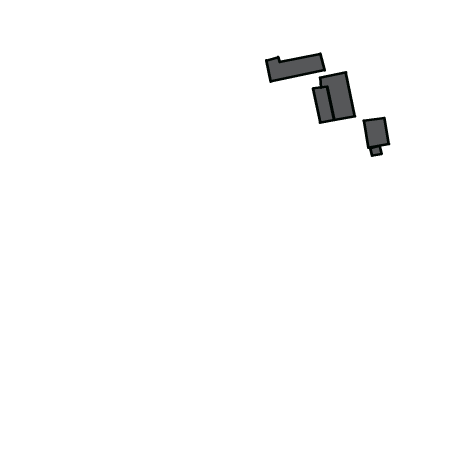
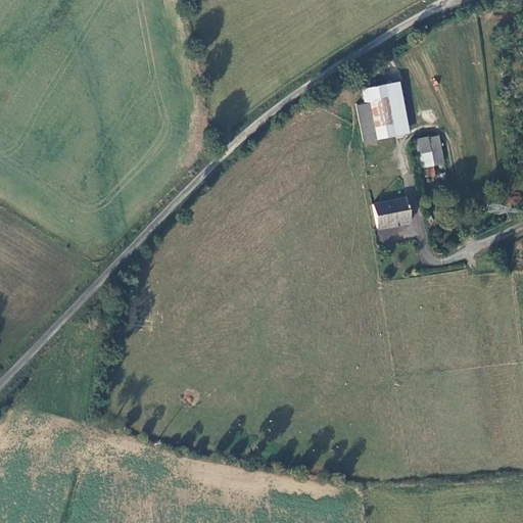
building: [266,54,325,82] -> none
building: none -> [373,198,411,228]

